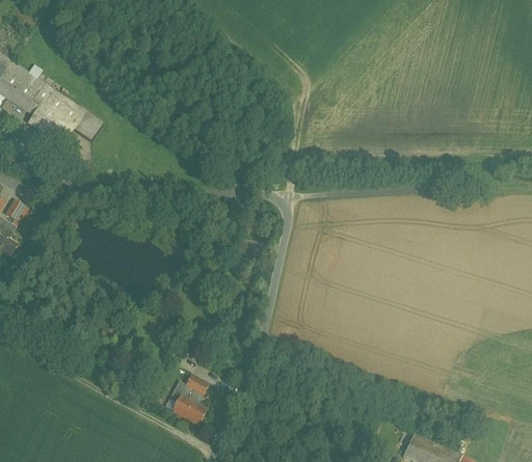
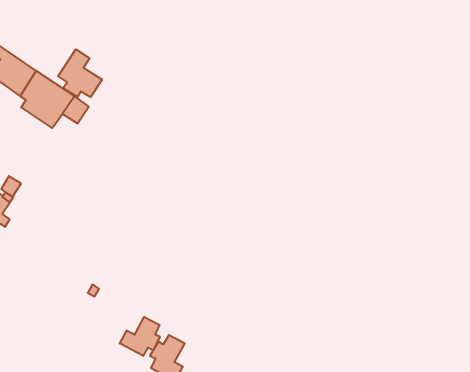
building: none -> [58,49,102,97]
building: none -> [120,317,160,356]

